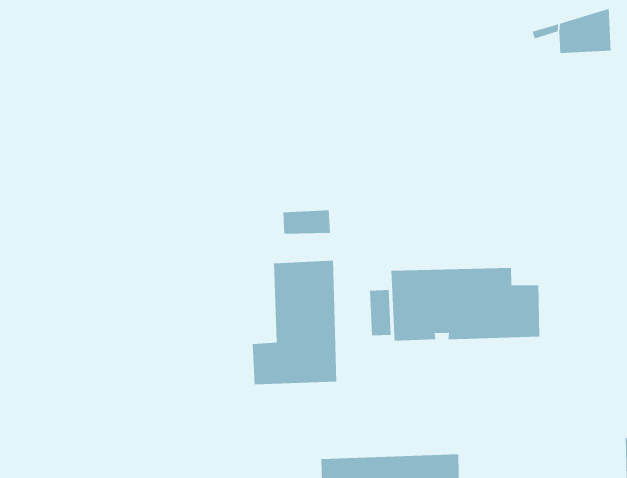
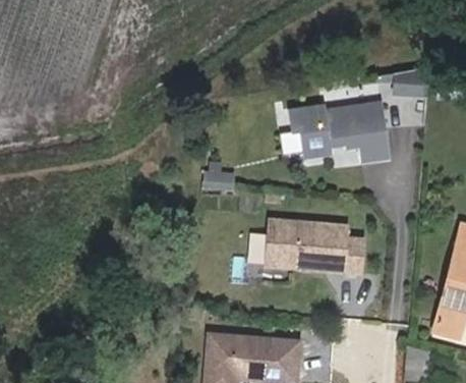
building: none -> [293,103,387,159]
building: [252,260,337,385] -> none

